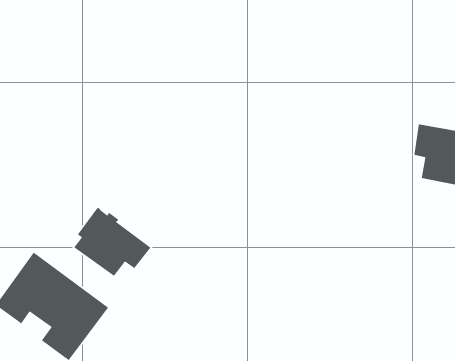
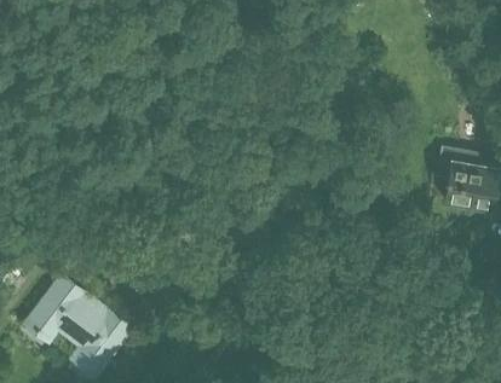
building: [73,206,152,277] -> none

